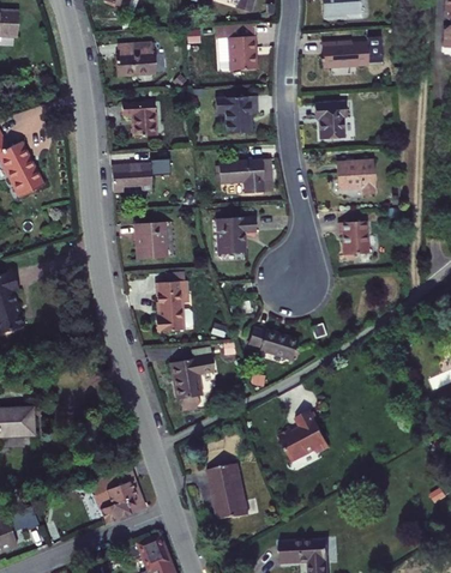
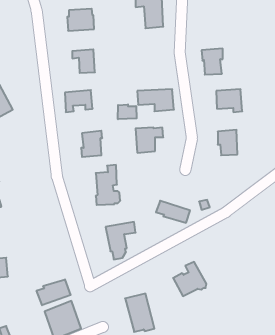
building: [315,40,363,65] -> none
building: [221,94,263,131] -> none
building: none -> [118,104,137,119]
building: none -> [37,279,71,305]

